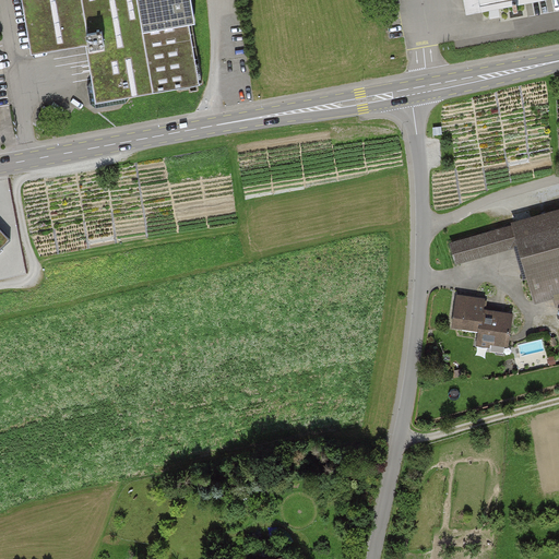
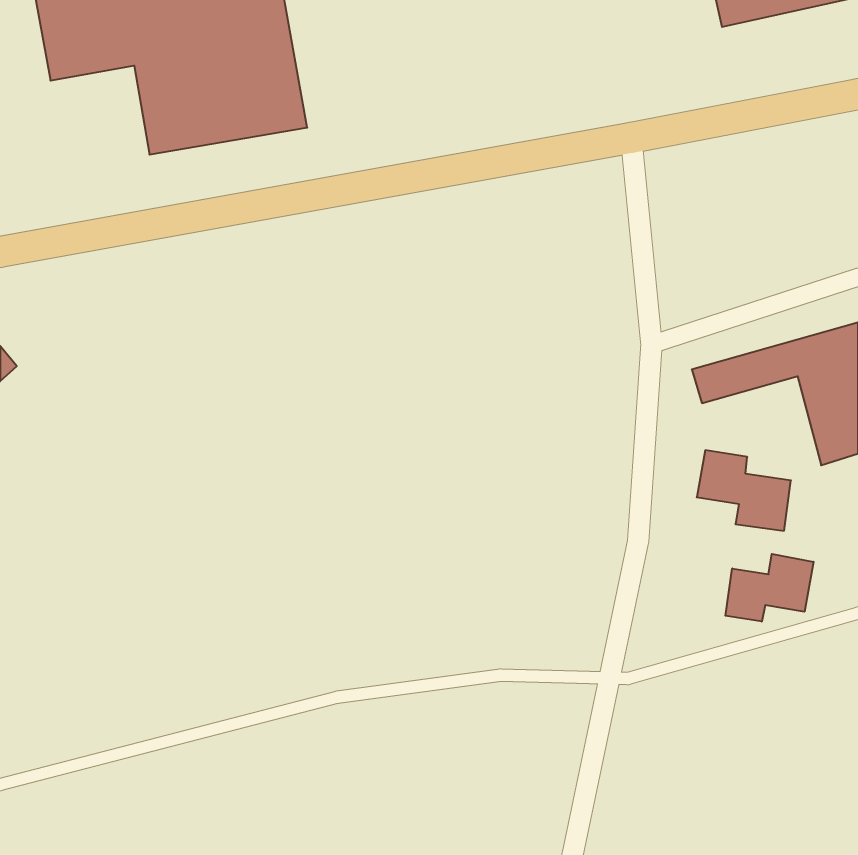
building: none -> [725,554,814,622]

